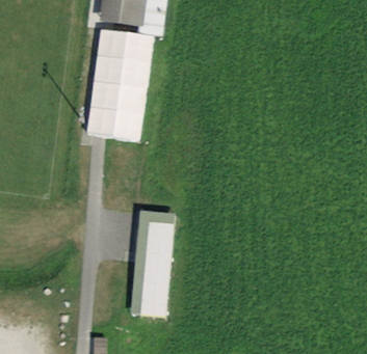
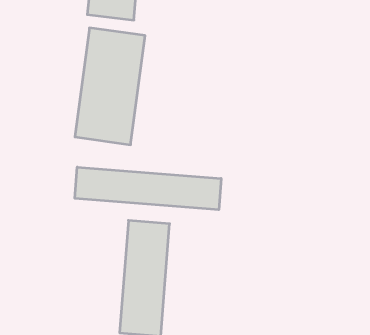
building: none -> [75,167,221,210]

